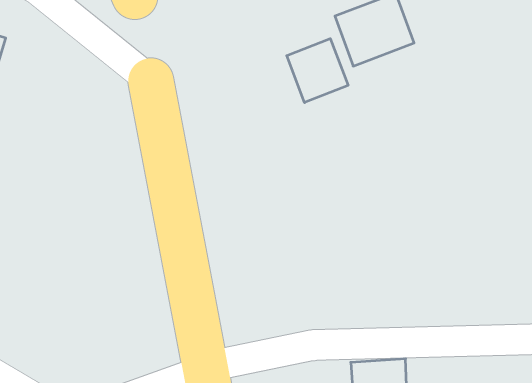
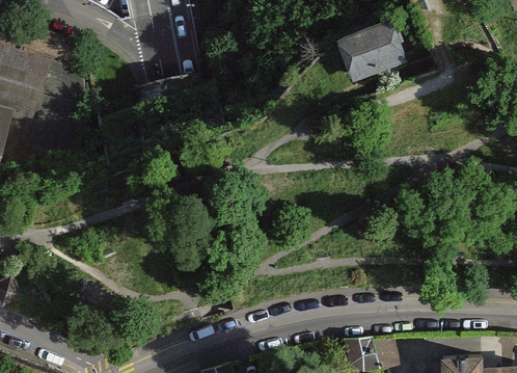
building: [287,39,348,103] -> none

